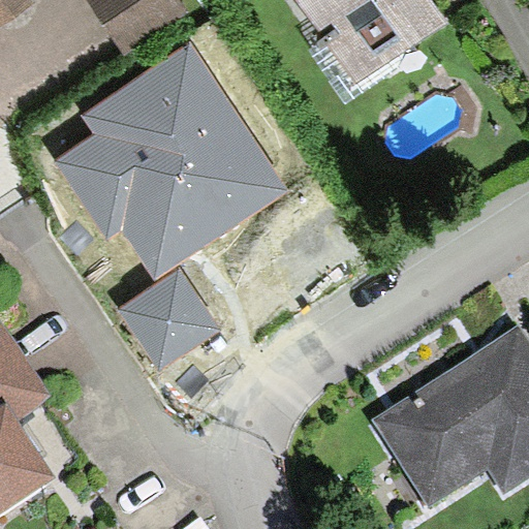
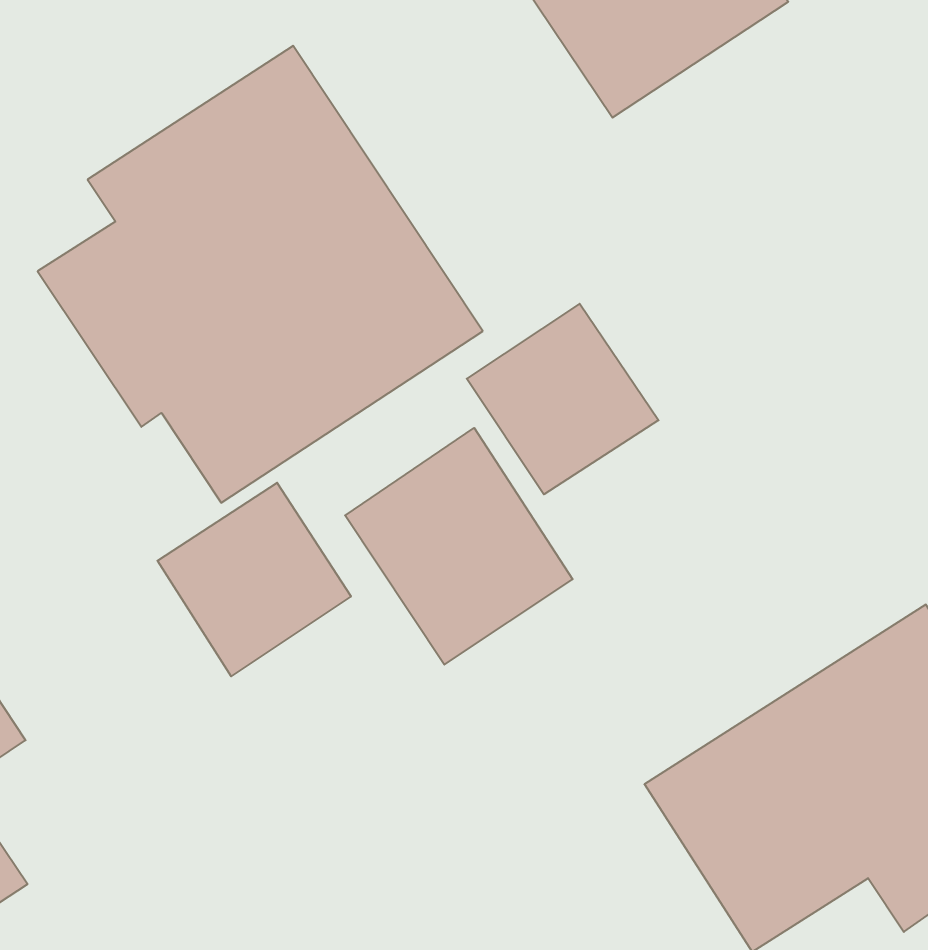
building: none -> [467,304,659,494]
building: none -> [345,428,573,665]

